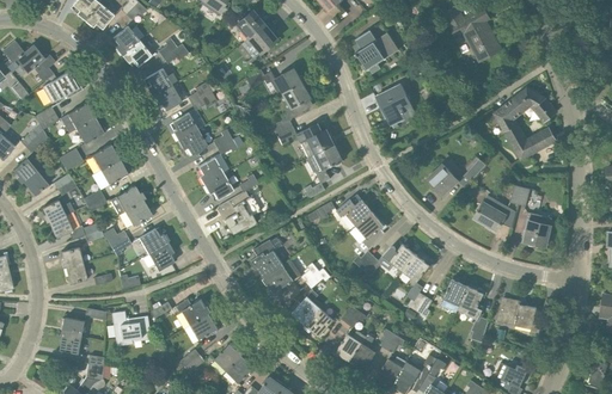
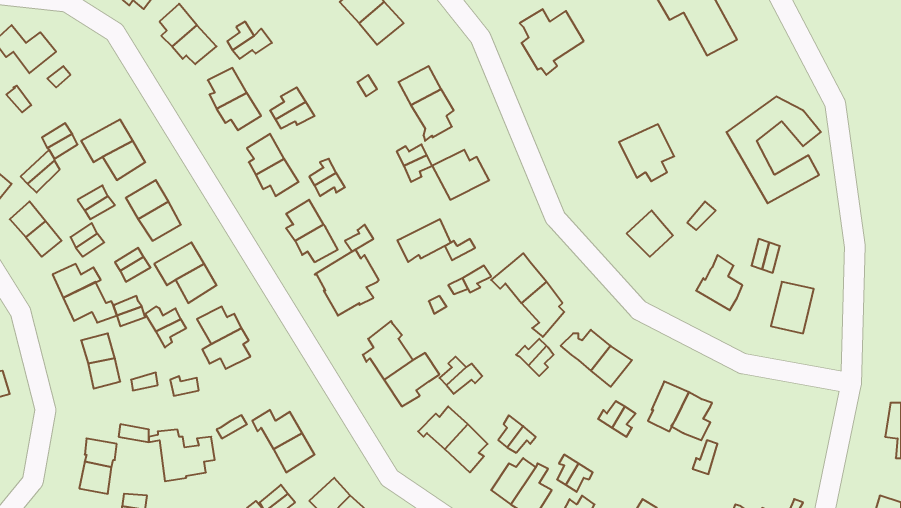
building: [44,72,82,101] -> none
building: [375,84,412,122] -> [619,124,674,181]
building: [306,143,342,172] -> [397,219,451,262]
building: [496,297,541,333] -> none

